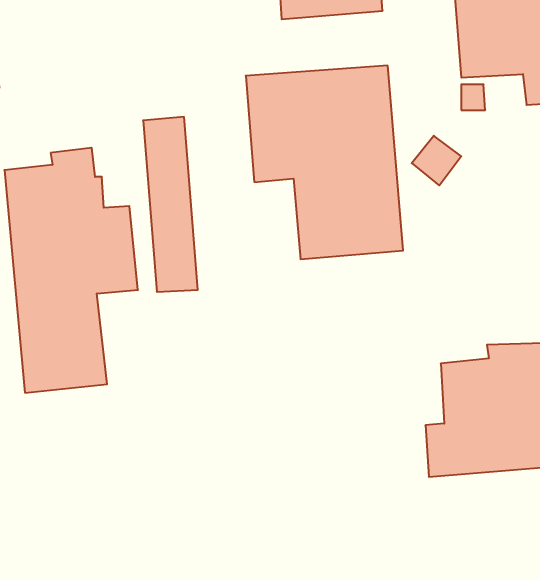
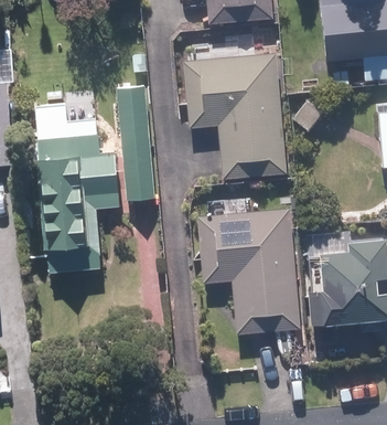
building: none -> [201,211,302,337]

